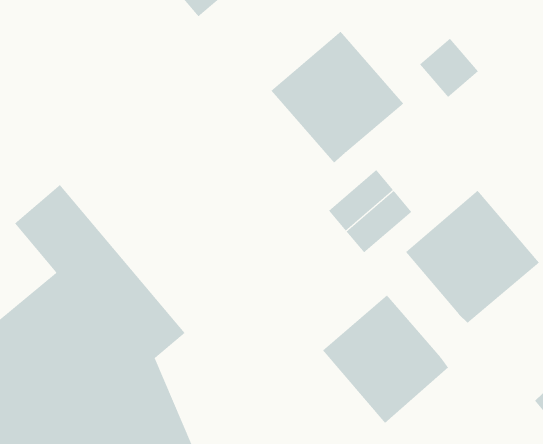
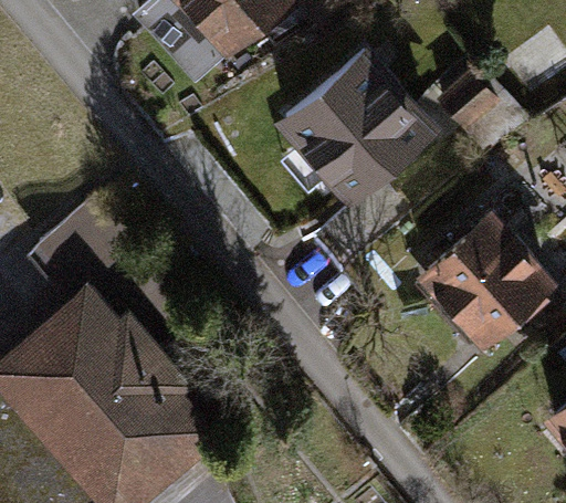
building: [322,294,449,424] -> none

